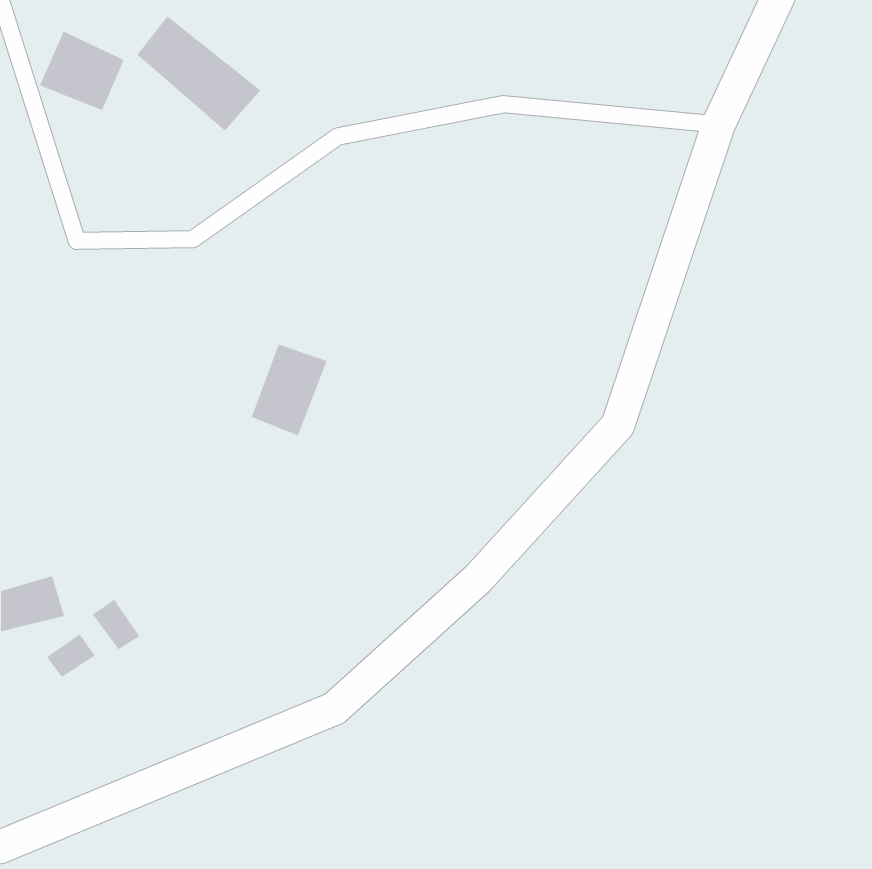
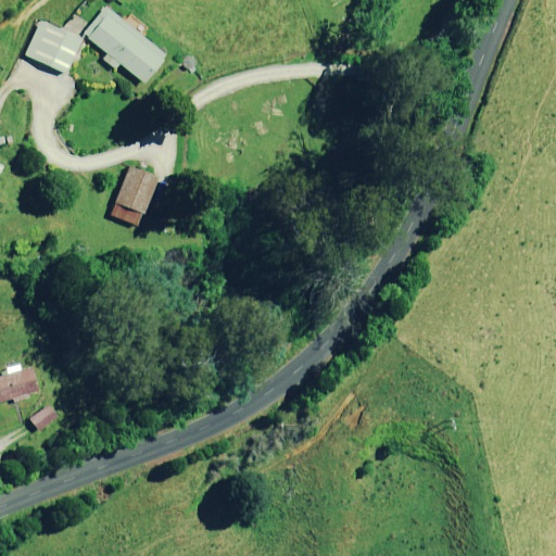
building: [251,344,328,436] -> [110,166,159,225]
building: [92,599,140,650] -> none

